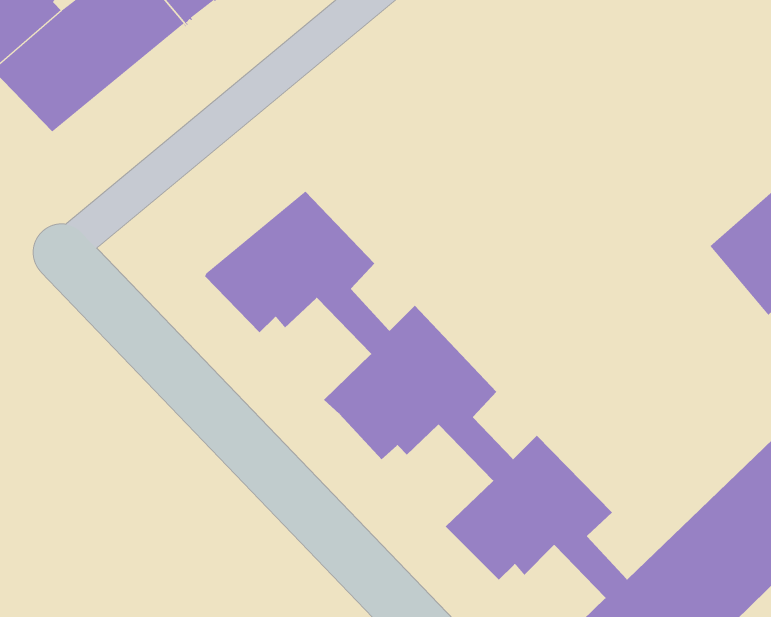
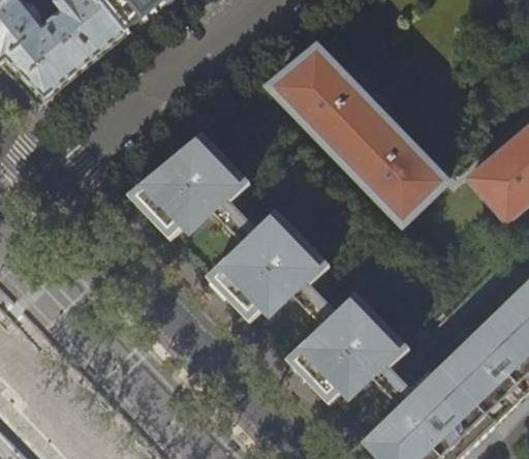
building: none -> [270,47,443,221]

